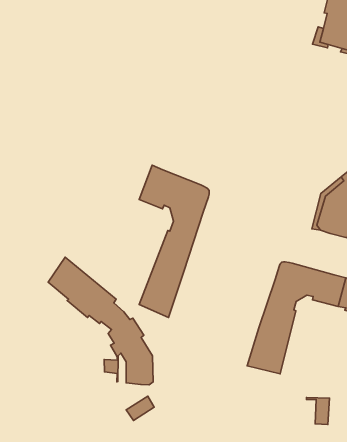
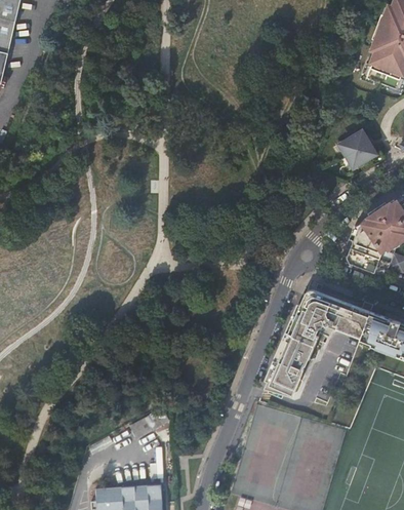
building: none -> [338,129,377,168]
building: [139,165,209,317] -> none
building: [48,257,153,385] -> none

